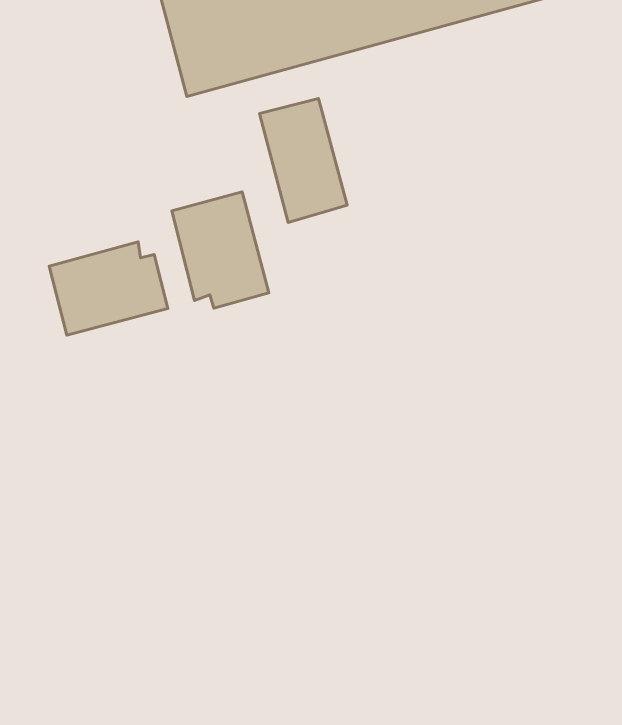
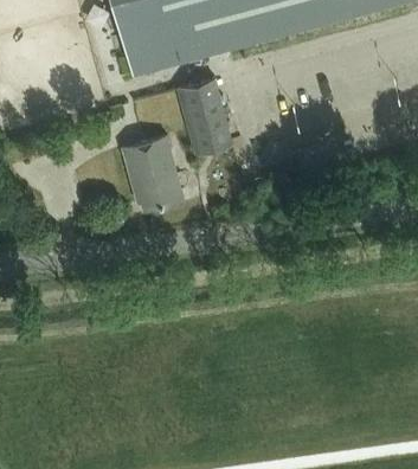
building: [49,242,168,335] -> none

